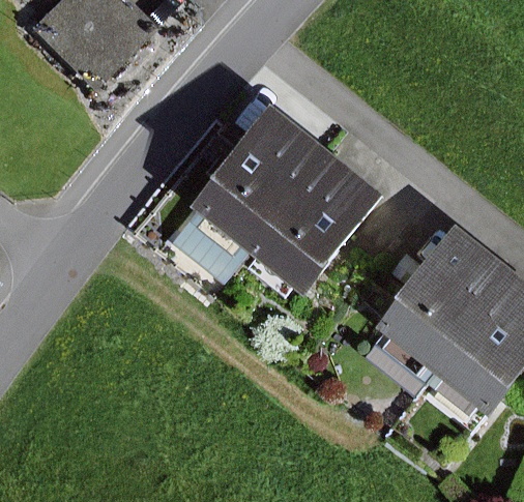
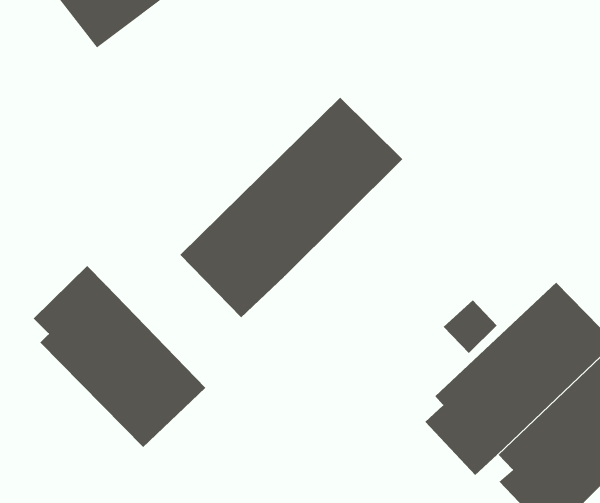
building: [248,145,387,294] -> none
building: none -> [33,265,206,448]

